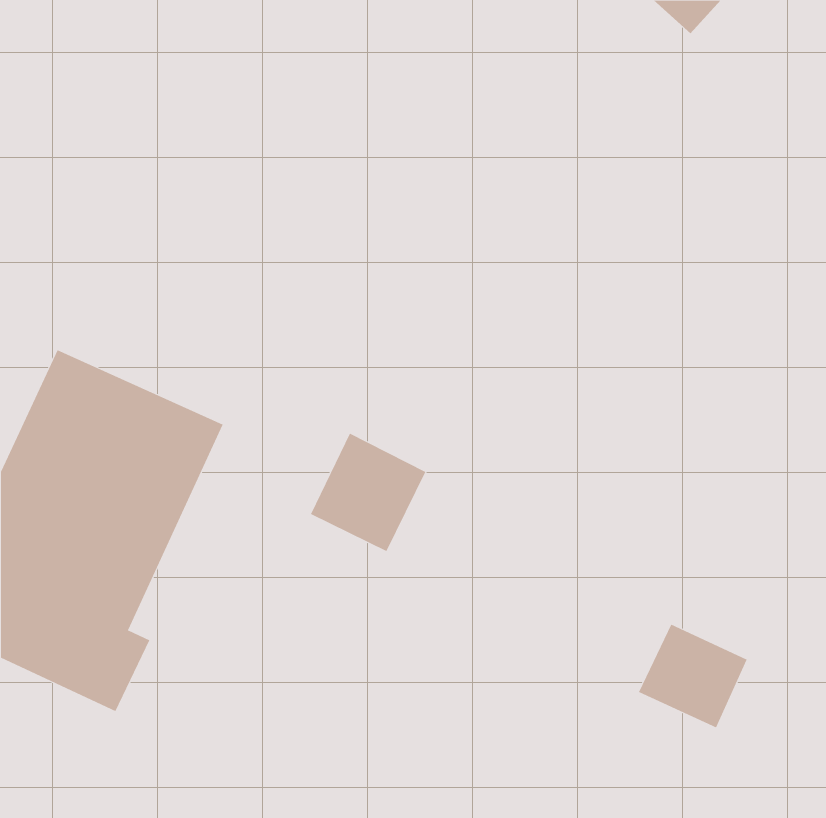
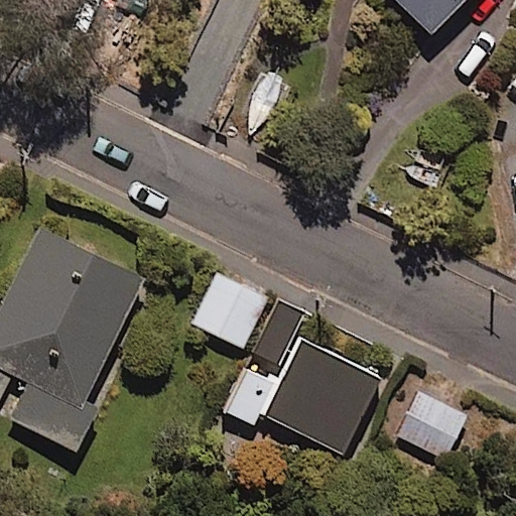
building: none -> [226,341,377,453]

